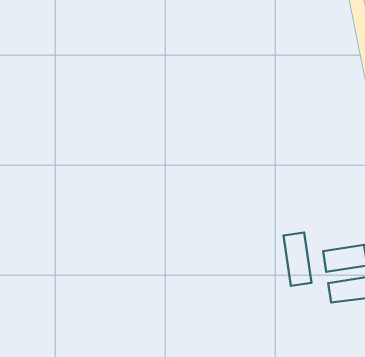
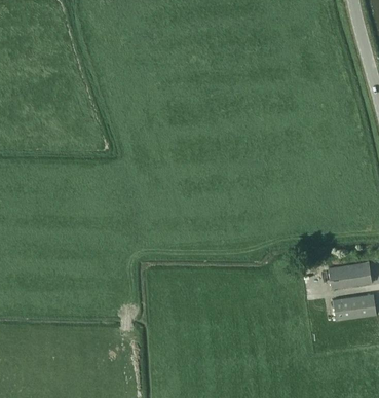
building: [283,232,312,286] -> none

